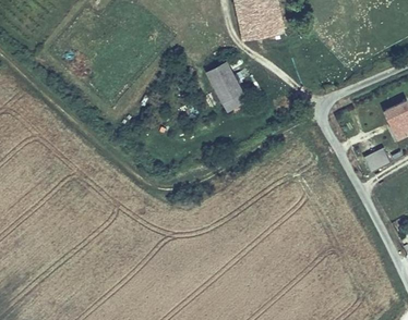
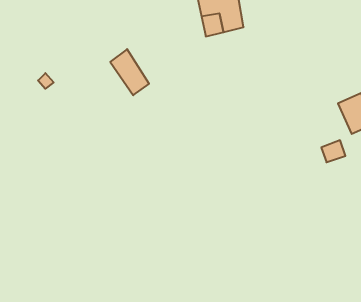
building: [209,63,250,111] -> [110,49,149,95]

